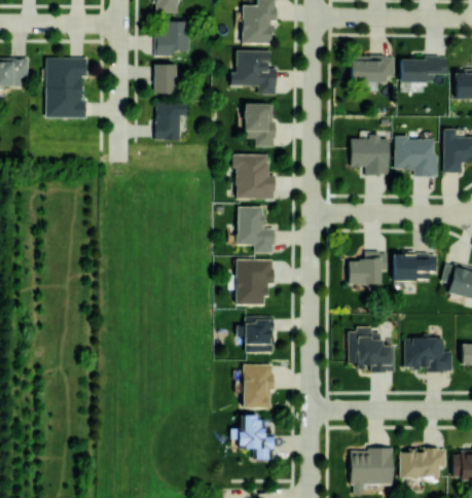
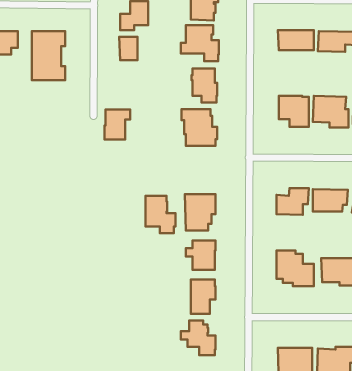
building: [155,103,187,140] -> [105,110,130,140]
building: [238,207,275,253] -> [146,196,176,233]

